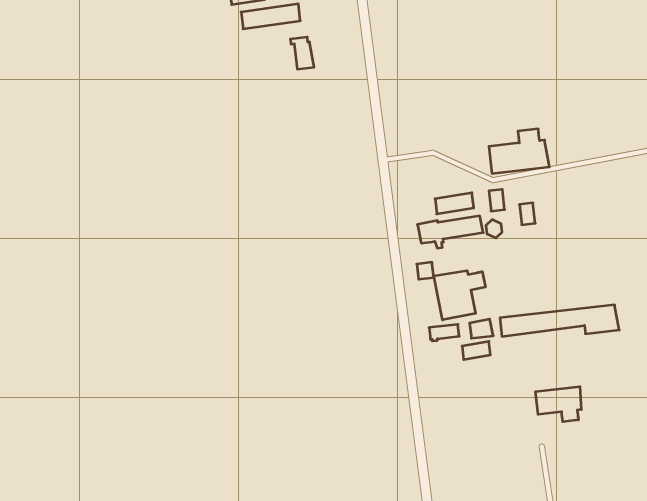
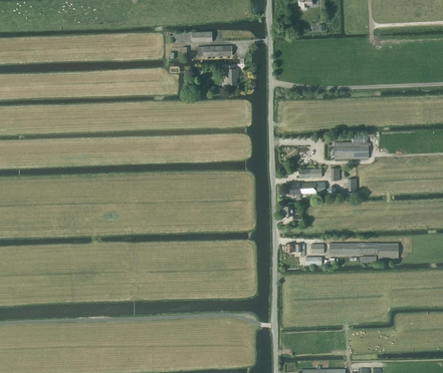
building: [434,271,485,320] -> none
building: [536,387,581,422] -> none

